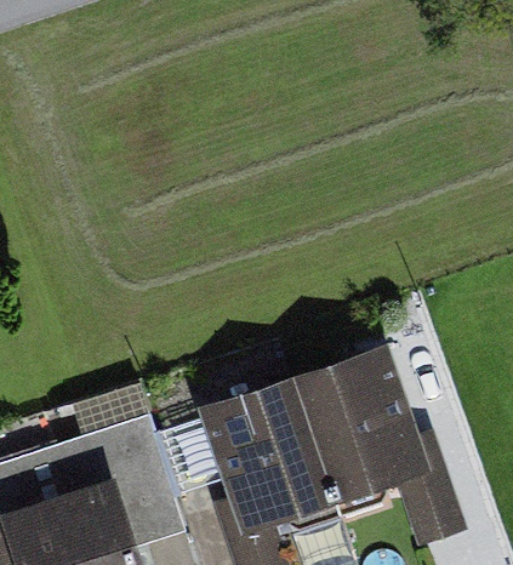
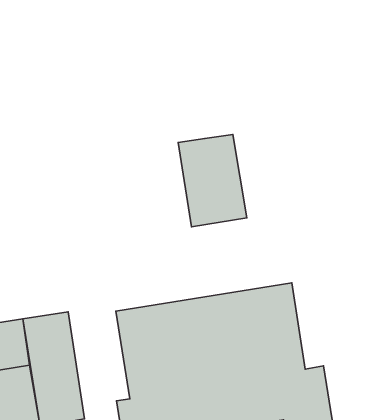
building: none -> [178,134,247,227]

